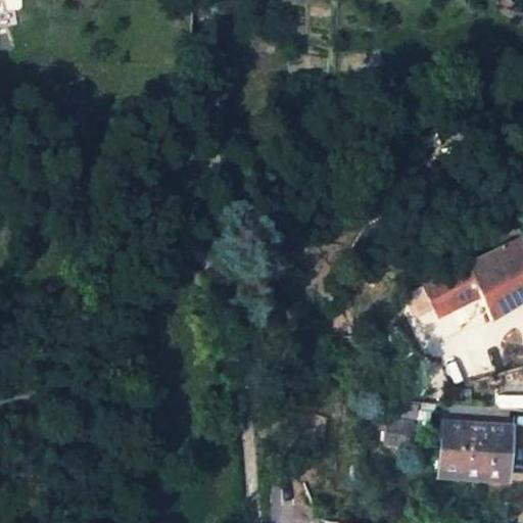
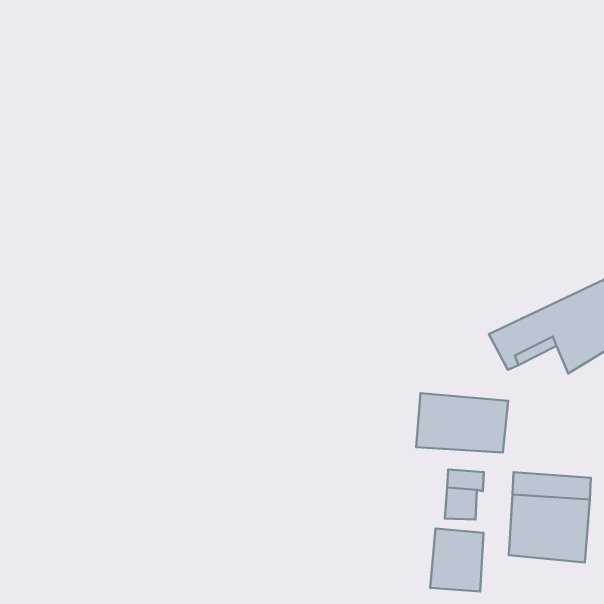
building: none -> [416,393,508,453]
building: none -> [430,529,484,592]

